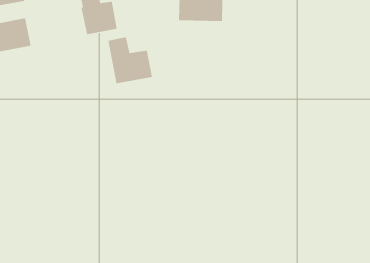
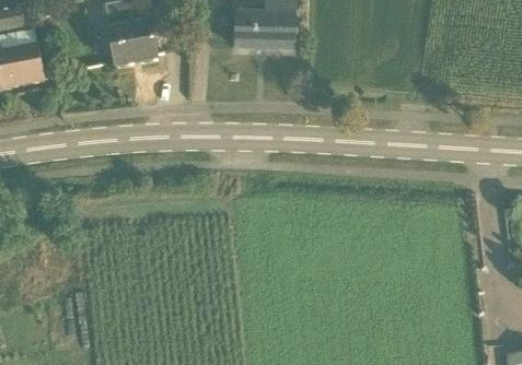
building: [108,36,153,84] -> none

